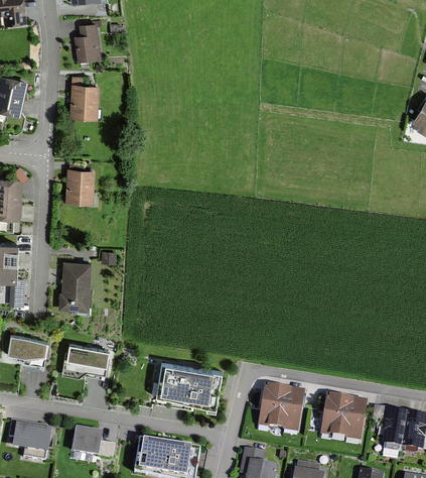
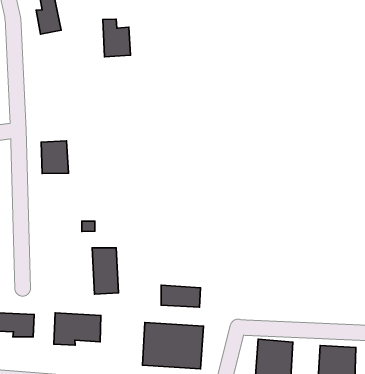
building: [72,78,99,116] -> [103,19,130,57]
building: [63,263,90,311] -> [92,248,118,294]
building: none -> [161,285,201,307]

